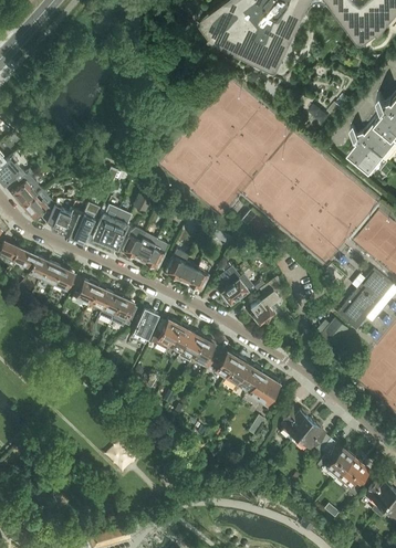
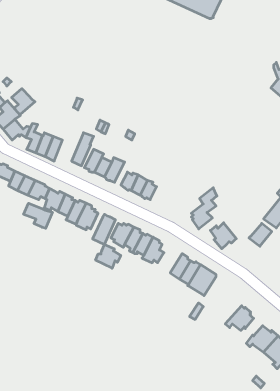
building: none -> [12,89,35,115]
building: [93,204,119,244] -> none
building: [221,272,248,303] -> none
building: none -> [24,203,52,228]
building: none -> [210,223,236,249]
building: none -> [96,244,121,268]
building: [209,350,239,378] -> none
building: [281,405,311,440] -> none

